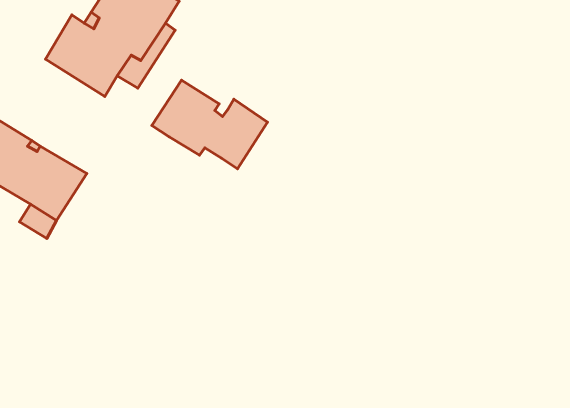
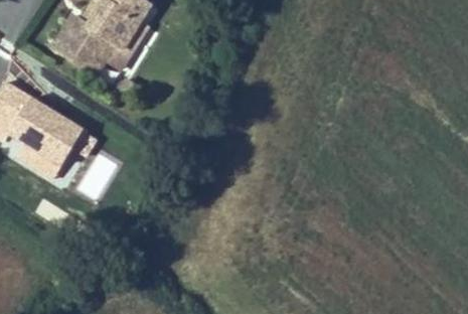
building: [152,80,268,169] -> none

